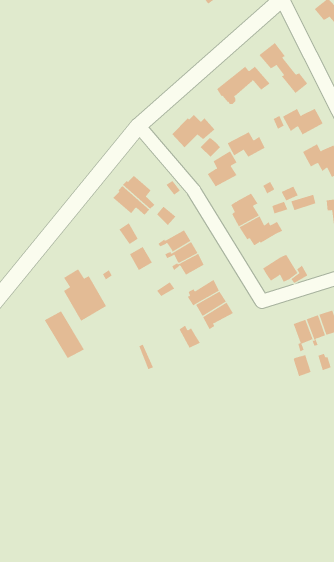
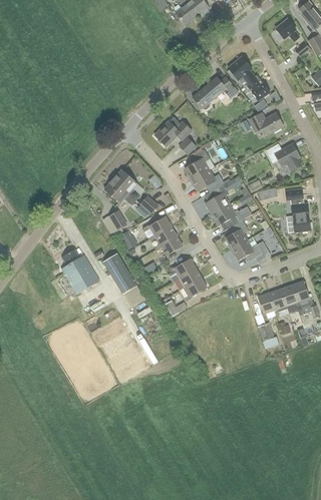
building: [227,131,266,157] -> [191,169,224,191]
building: none -> [225,219,248,248]
building: [44,311,85,359] -> [101,253,136,294]

